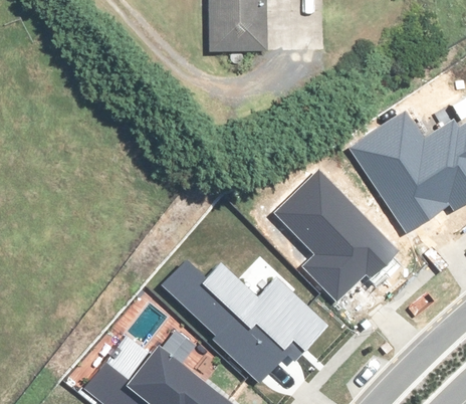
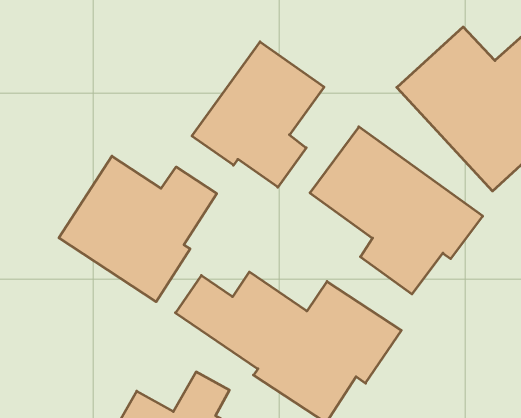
building: none -> [192,42,324,187]
building: none -> [59,156,217,302]

